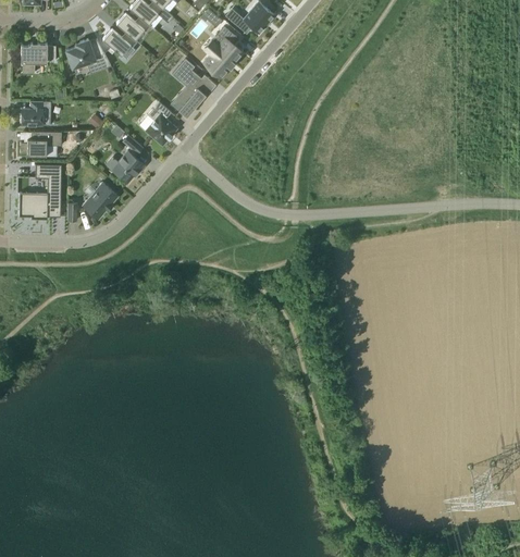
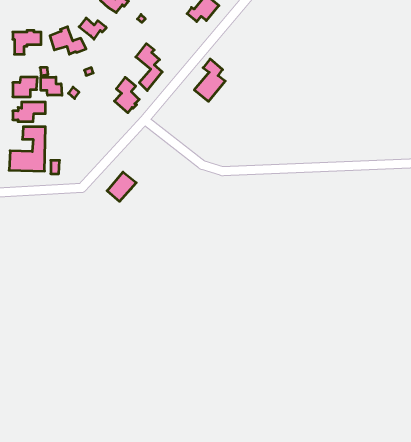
building: [115,13,150,39] -> none
building: [202,24,240,76] -> [194,59,225,101]
building: none -> [41,77,62,95]
building: [106,135,145,182] -> none
building: [83,183,119,219] -> [107,172,136,201]

